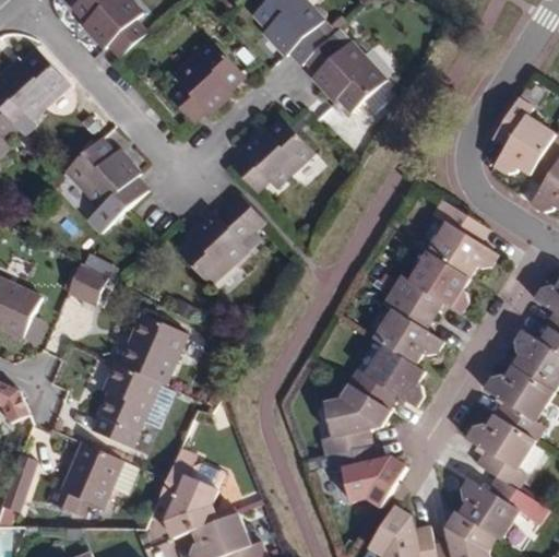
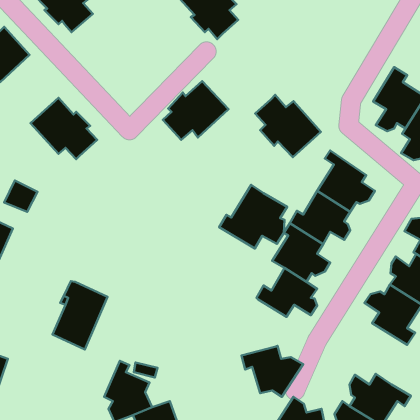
building: [305,33,386,110] -> [255,95,321,157]
building: [167,35,243,118] -> none
building: [176,202,252,286] -> none
building: none -> [219,185,287,248]
building: [68,264,109,304] -> [4,180,38,212]
building: [121,313,188,384] -> none
building: [320,387,389,457] -> none
building: [466,416,535,493] -> none
building: [47,443,141,512] -> none

